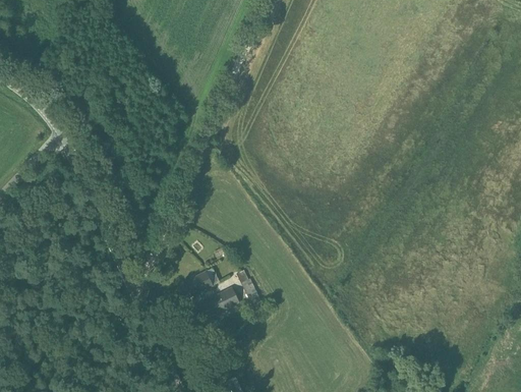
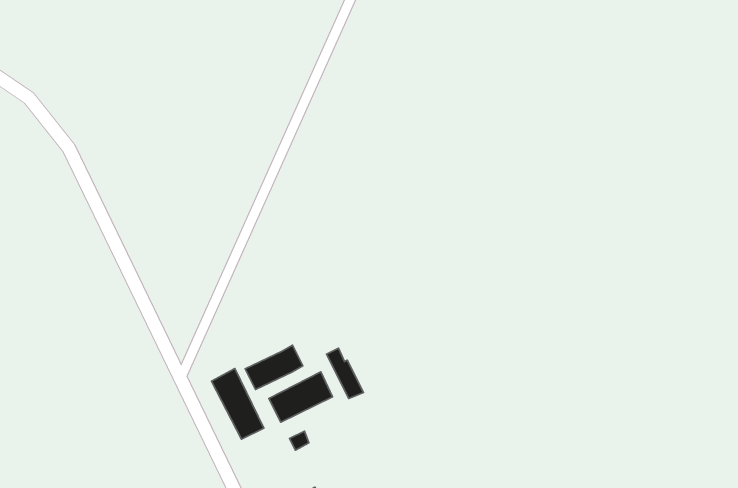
building: none -> [212,369,264,439]

